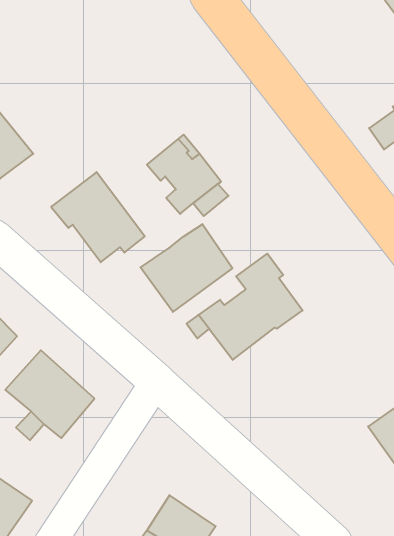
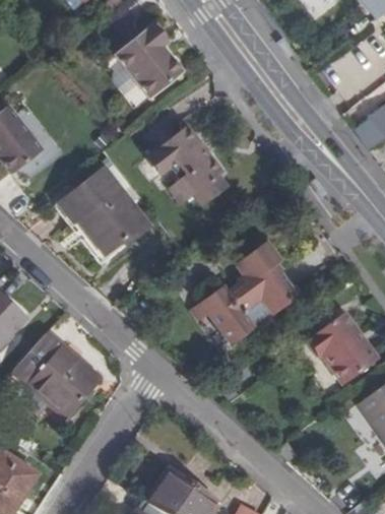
building: none -> [112,24,179,100]
building: [140,224,232,312] -> none
building: none -> [307,315,379,384]

